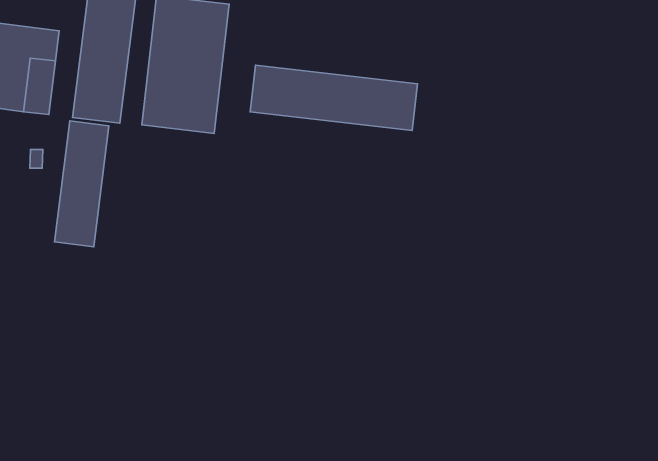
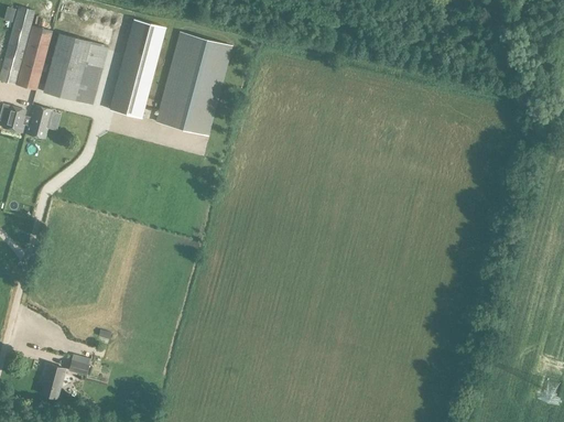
building: [250,65,418,130] -> none
building: [54,121,109,247] -> none

